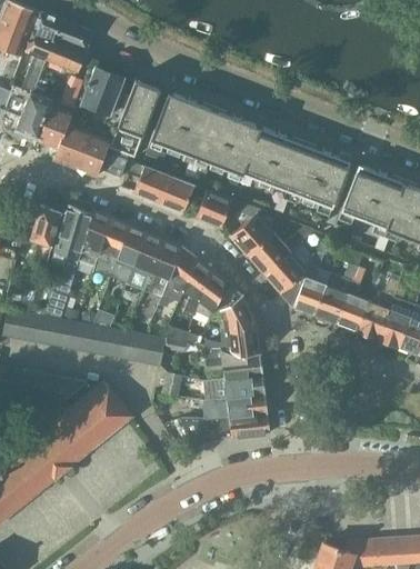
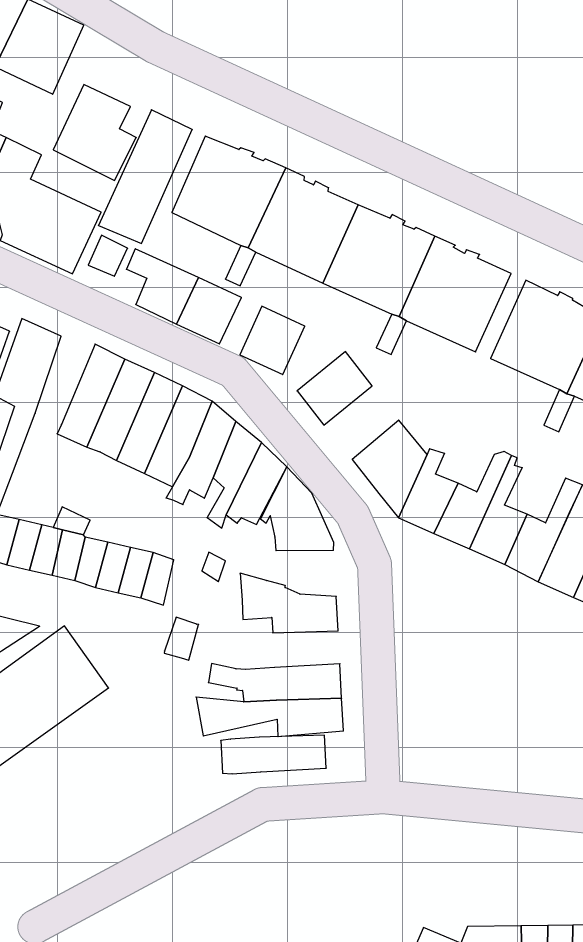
building: [79,210,111,266] -> none
building: [247,232,306,276] -> none
building: [219,329,260,356] -> none
building: [202,376,264,401] -> [221,735,326,774]

